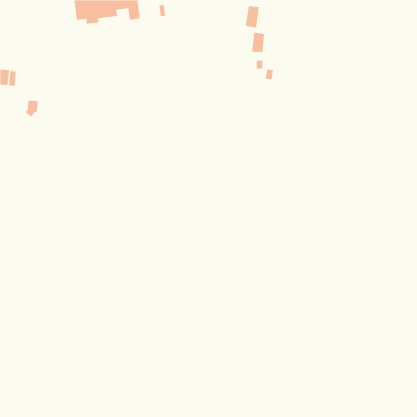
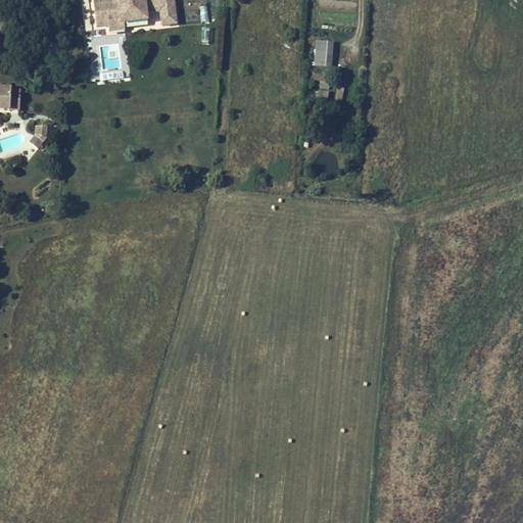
building: [245,5,260,28] -> none

